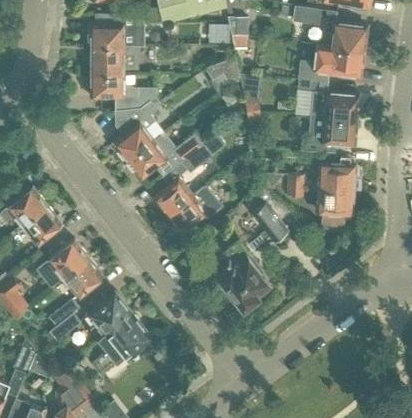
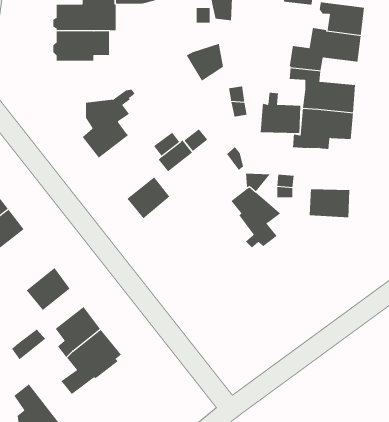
building: [87,74,158,111] -> none
building: [128,134,176,179] -> none
building: [317,152,354,189] -> [260,92,301,133]
building: [168,185,223,234] -> none
building: [49,240,89,279] -> none
building: [218,240,268,310] -> none

